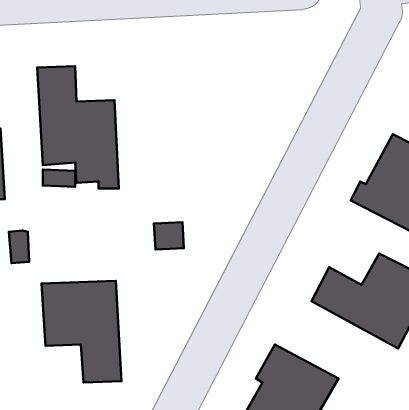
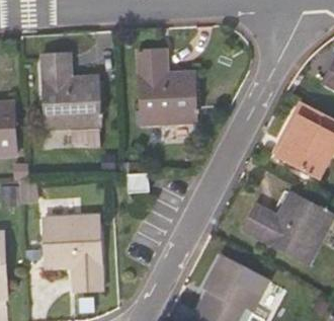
building: none -> [136,50,195,125]

